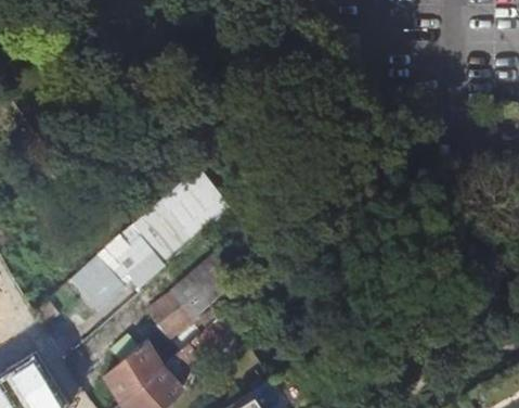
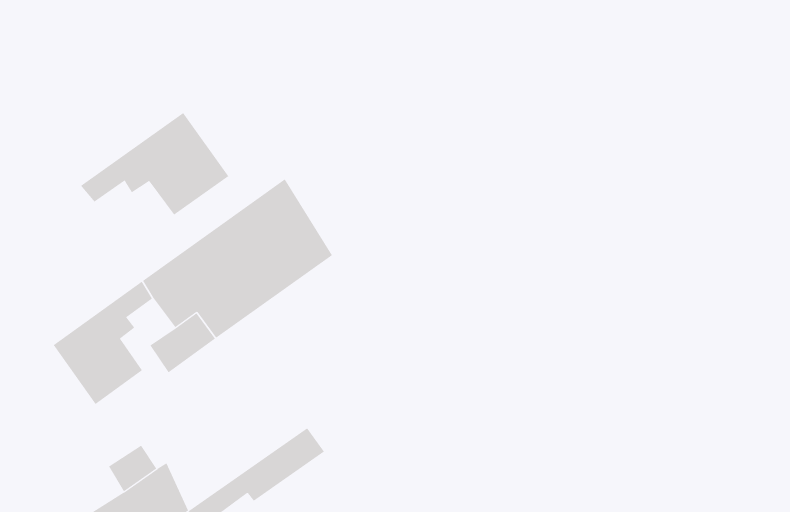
building: none -> [80,112,229,215]
building: [144,257,238,344] -> none

